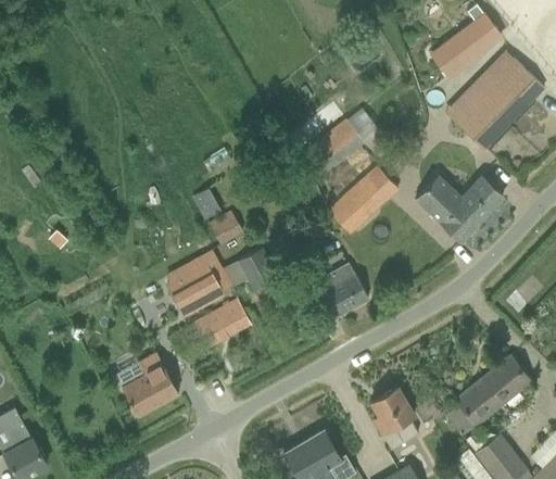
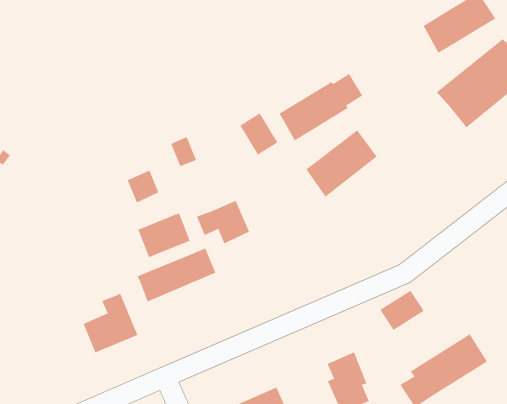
building: none -> [240,113,278,156]
building: [414,176,502,242] -> none
building: [208,211,242,245] -> [127,170,159,203]
building: [316,265,367,317] -> none
building: none -> [380,290,424,331]

